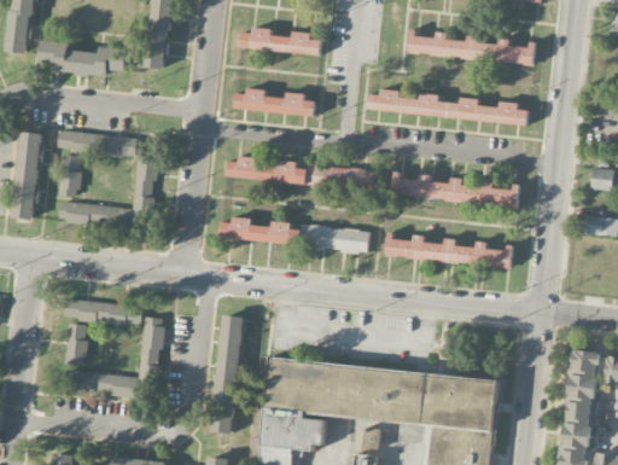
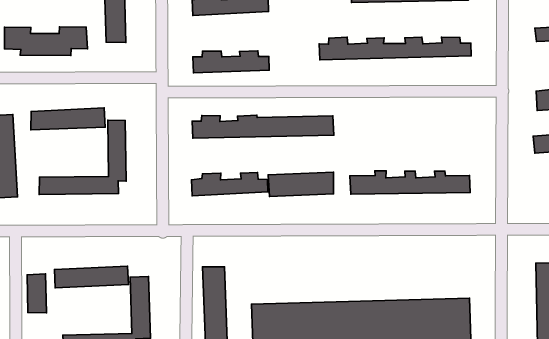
building: [59,156,81,197] -> none
building: [391,174,519,207] -> none
building: [64,324,87,366] -> [27,274,46,313]

